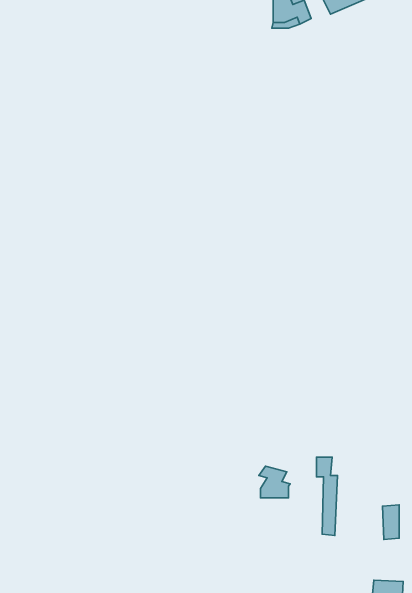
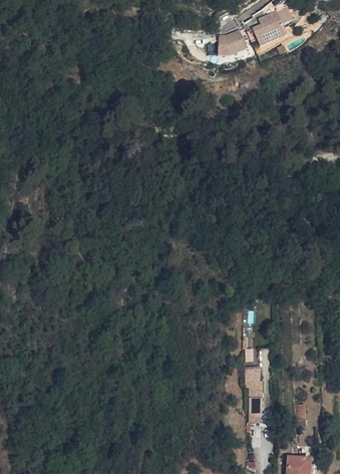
building: [259,466,290,498] -> none

